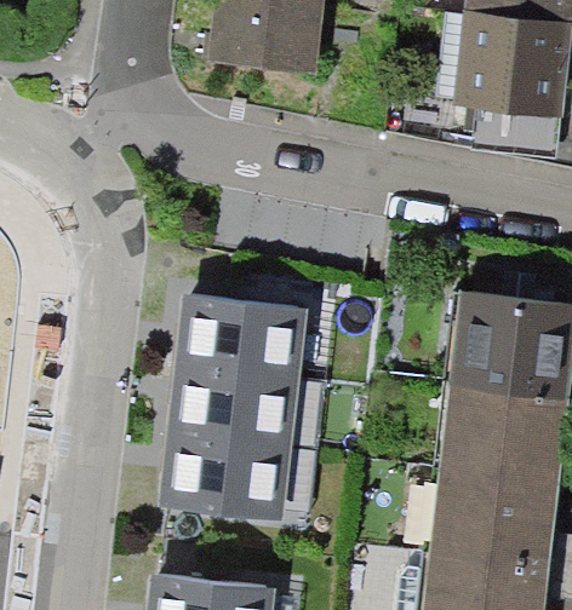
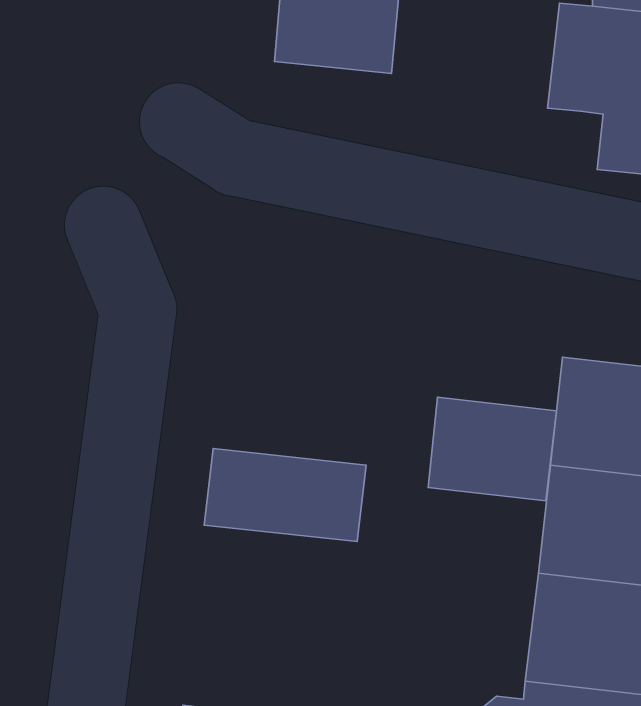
building: [178,295,310,382] -> none
building: none -> [428,397,557,501]
building: [162,431,294,518] -> none

